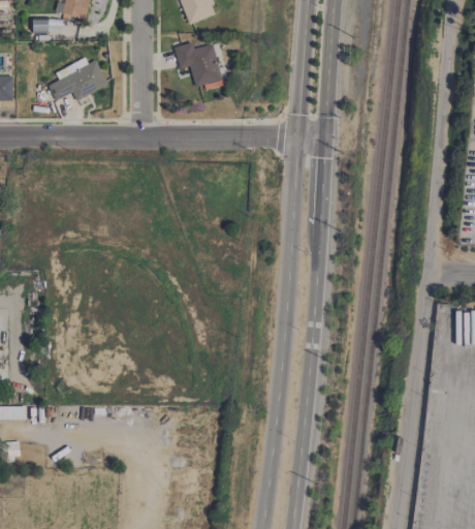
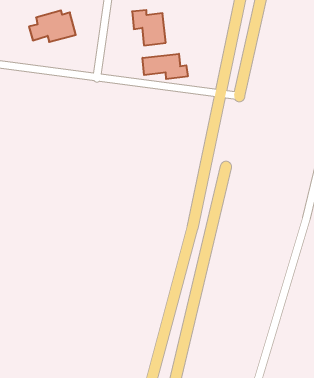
building: none -> [143,54,188,79]

